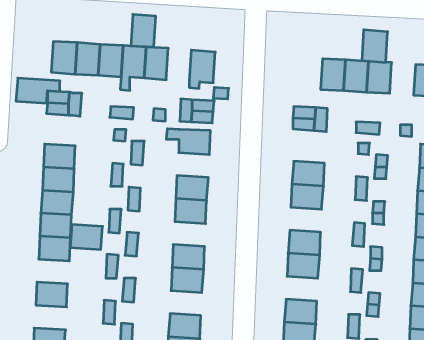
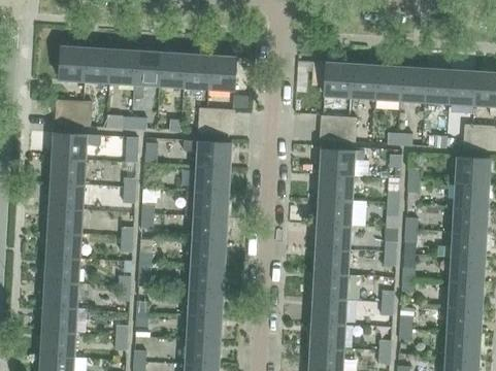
building: [131,14,156,47] -> [183,54,209,89]
building: [362,30,388,62] -> [423,69,451,104]
building: none -> [323,63,351,98]
building: [16,78,60,103] -> [52,132,99,159]
building: none -> [320,149,363,177]
building: none -> [194,166,229,193]
building: none -> [316,225,350,251]
building: none -> [190,240,225,267]
building: [70,225,103,249] -> [43,280,78,307]
building: none -> [311,299,345,326]
building: none -> [187,314,221,341]
building: none -> [40,330,75,357]

